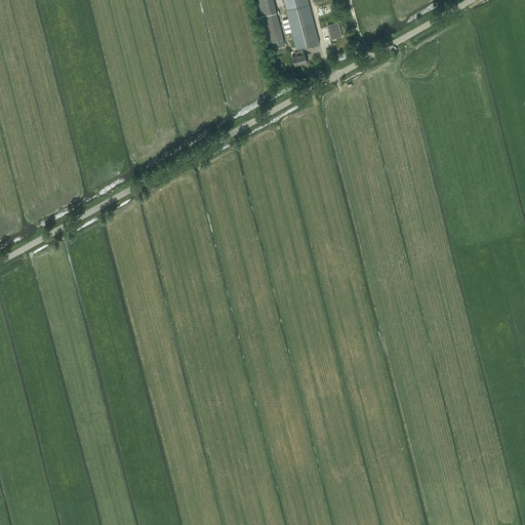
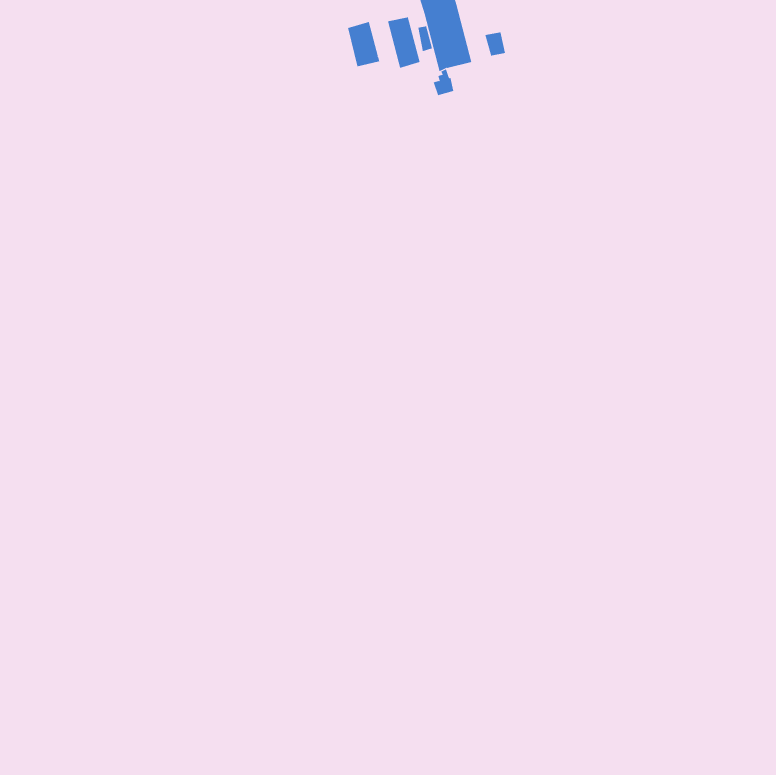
building: none -> [347,21,380,67]

